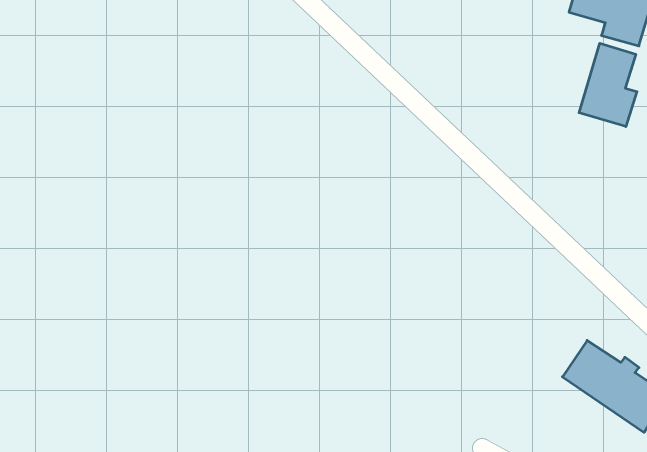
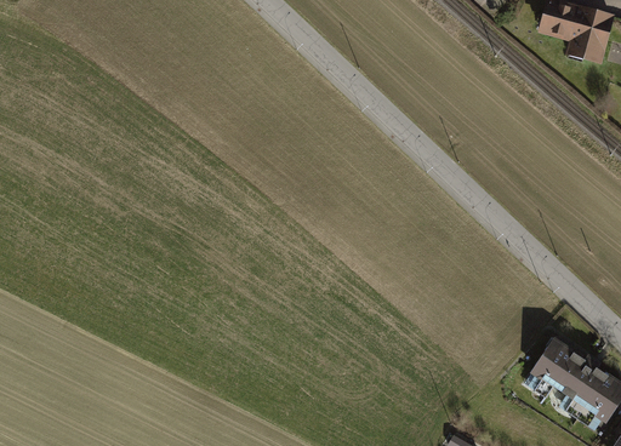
building: [579,43,637,127] -> none

